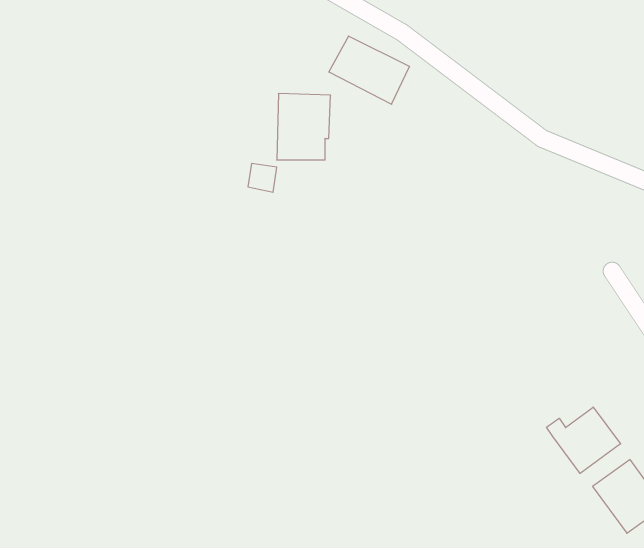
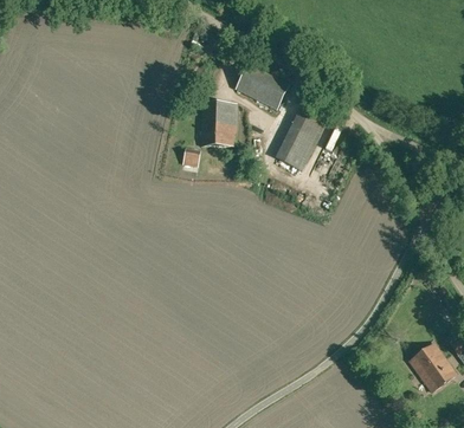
building: none -> [275,105,327,171]
building: [546,407,621,473] -> none

